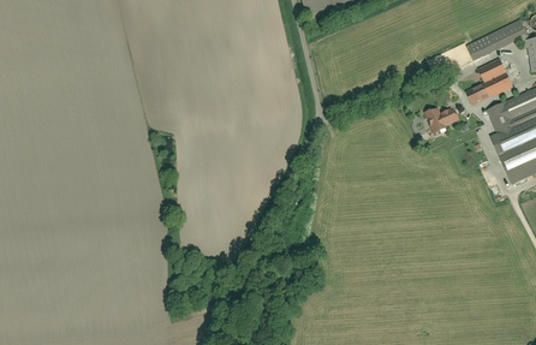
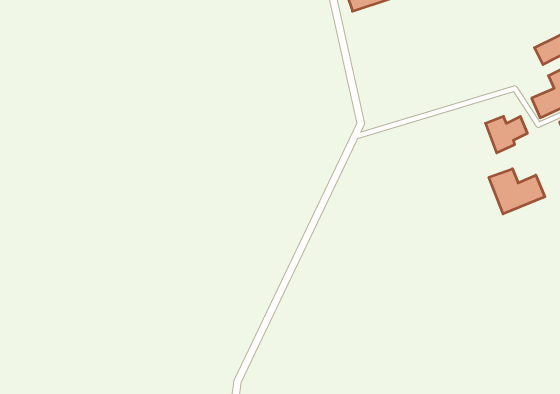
building: none -> [489,169,545,214]

